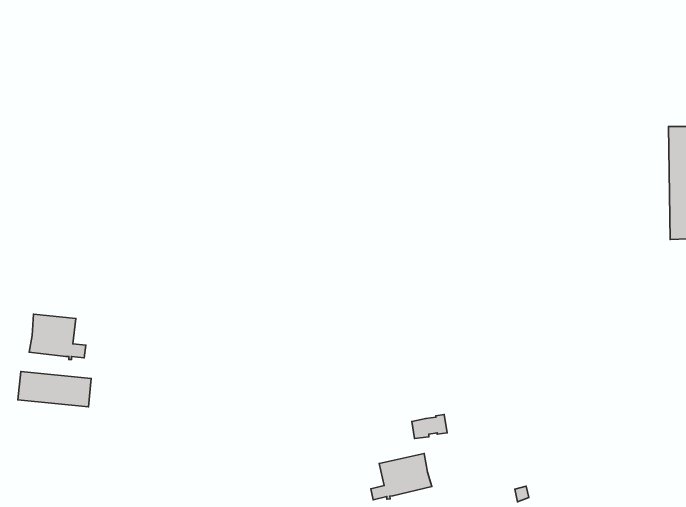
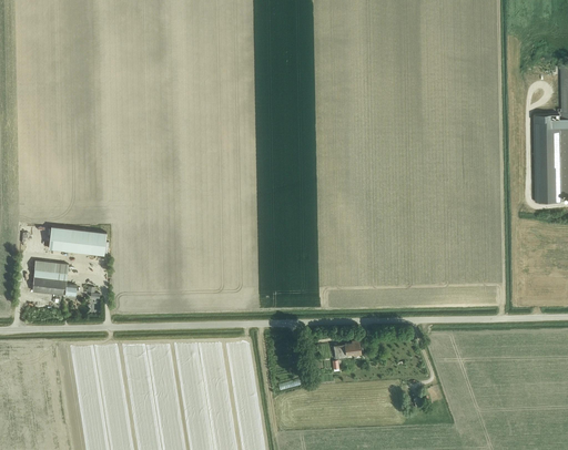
building: [18,371,91,407] -> [49,227,106,255]
building: [371,454,432,500] -> none

